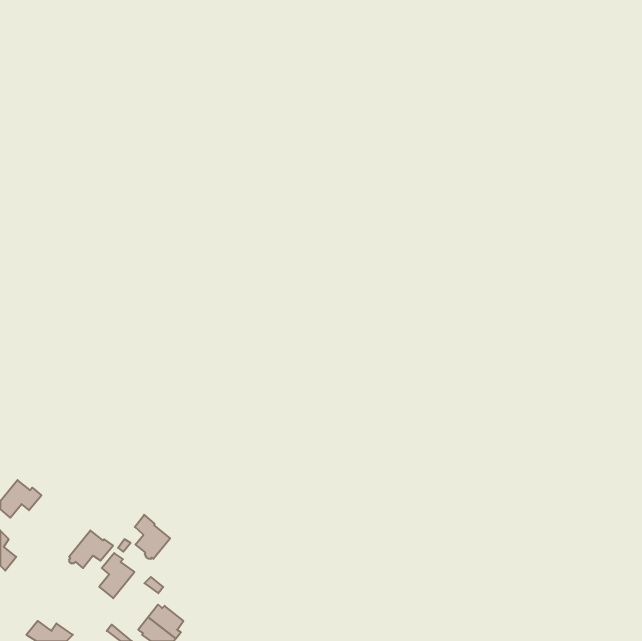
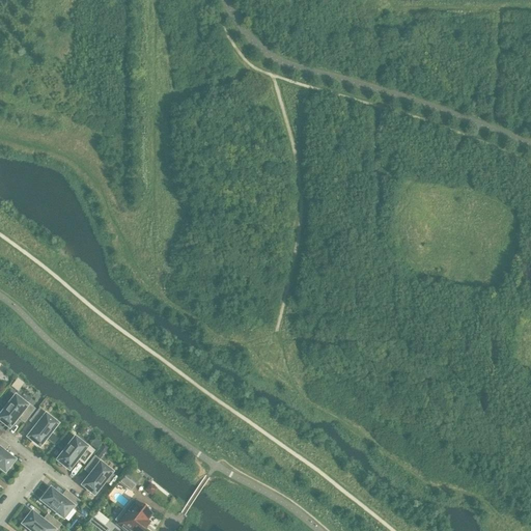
building: none -> [28,408,56,446]
building: [135,515,170,559] -> none
building: none -> [40,488,79,518]

